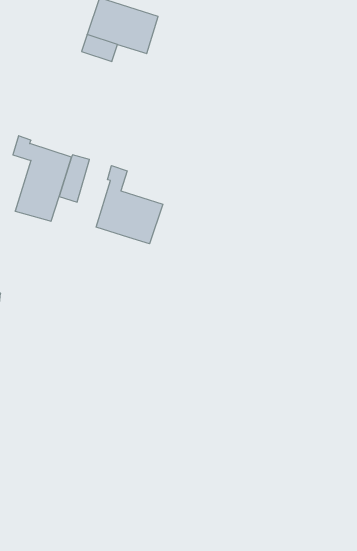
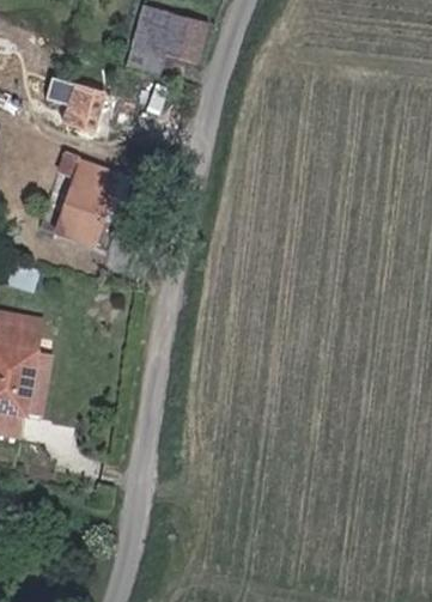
building: none -> [62,81,105,133]
building: [96,166,163,244] -> none

